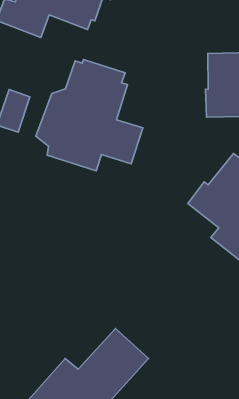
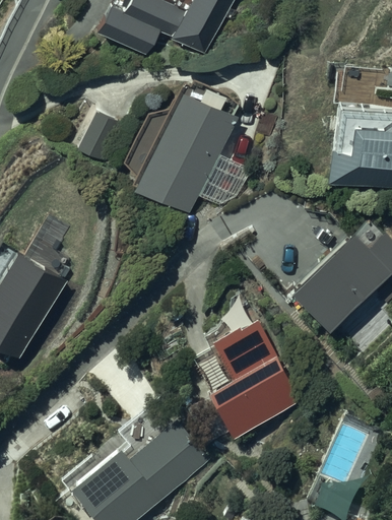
building: none -> [193,292,304,438]

